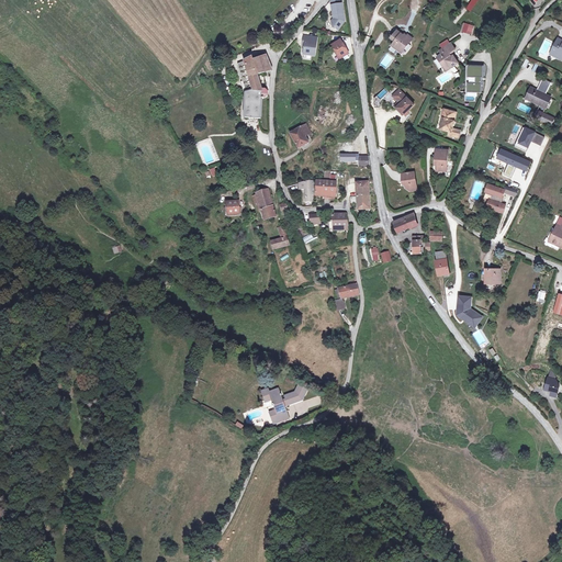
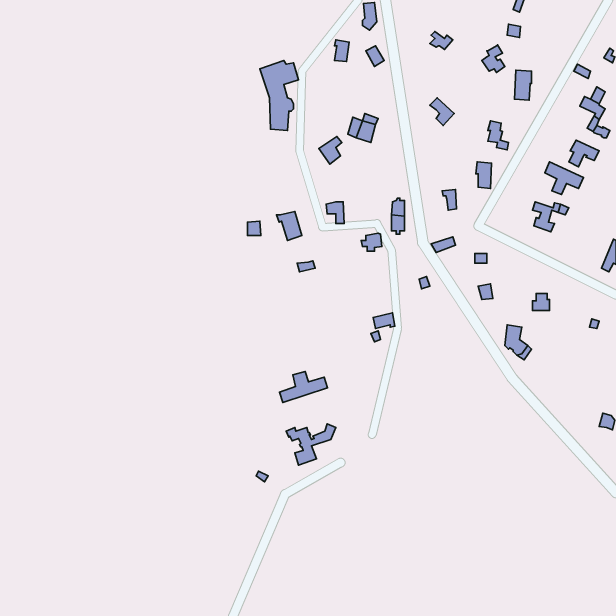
building: [316,171,337,196] -> none
building: none -> [280,372,327,403]

